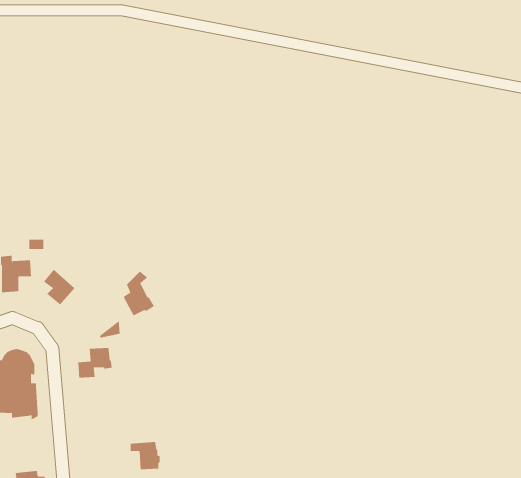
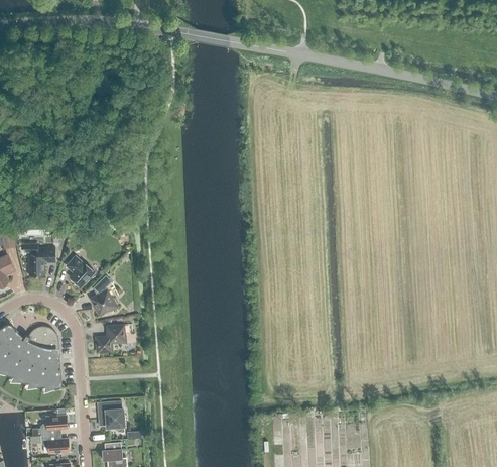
building: [123,271,155,316] -> [90,275,118,316]
building: [130,441,160,470] -> [98,401,125,427]
building: none -> [32,416,67,436]

